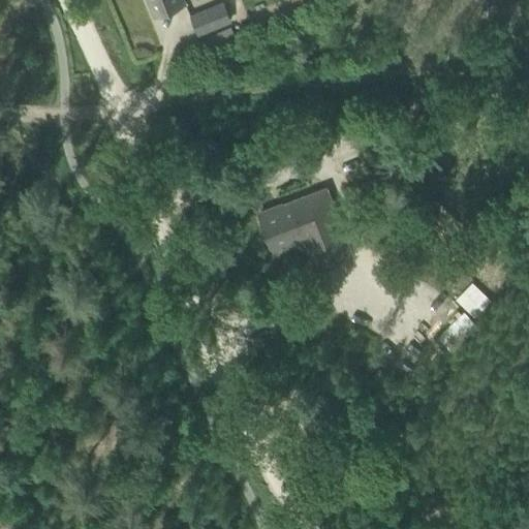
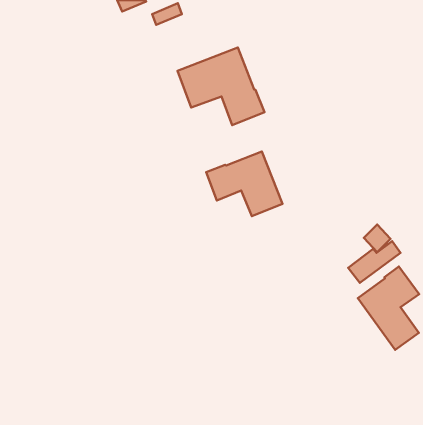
building: none -> [177,48,264,125]
building: none -> [358,267,419,350]

